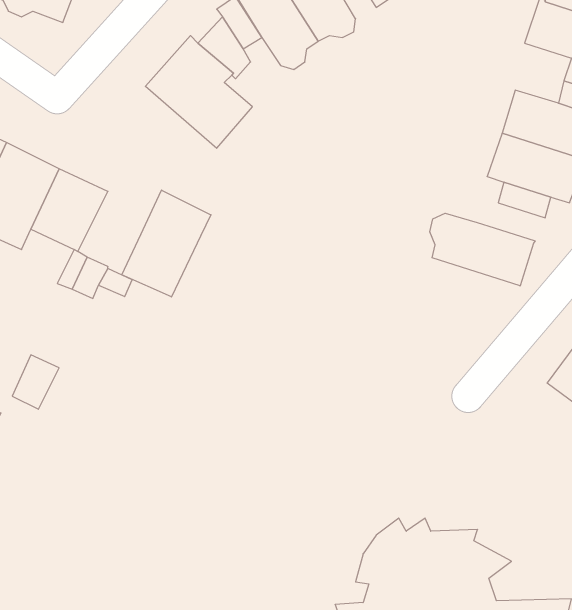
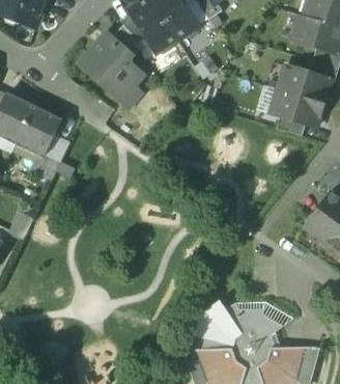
building: [122,190,211,297] -> none
building: [430,213,535,286] -> none

